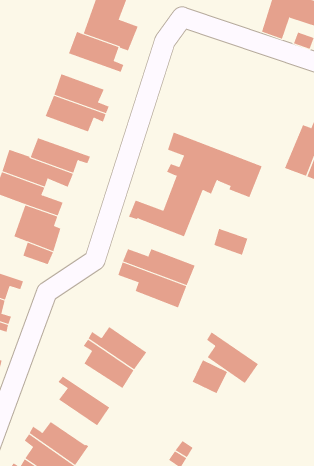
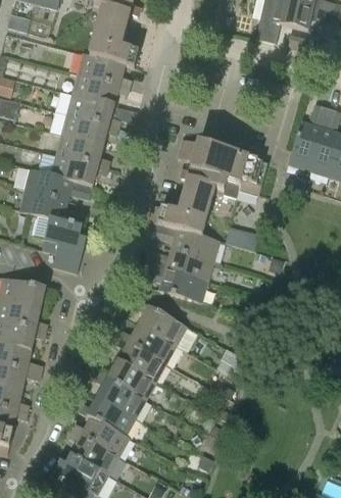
building: none -> [72,74,129,105]
building: none -> [56,135,109,168]
building: none -> [153,222,218,261]
building: [206,331,259,384] -> [136,300,187,346]
building: none -> [99,361,156,400]
building: none -> [79,397,136,437]

